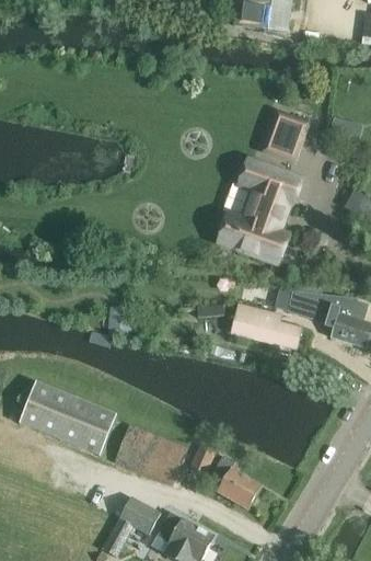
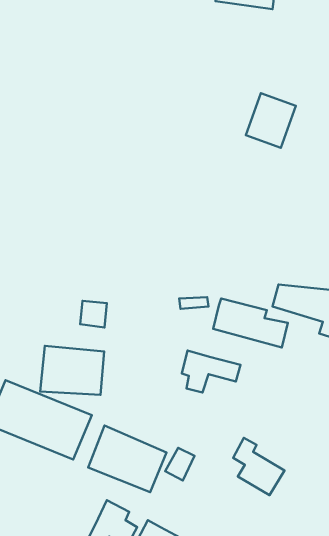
building: [217,159,302,263] -> none
building: none -> [40,346,104,395]
building: none -> [182,350,240,393]
building: [212,455,260,508] -> [233,438,285,495]

